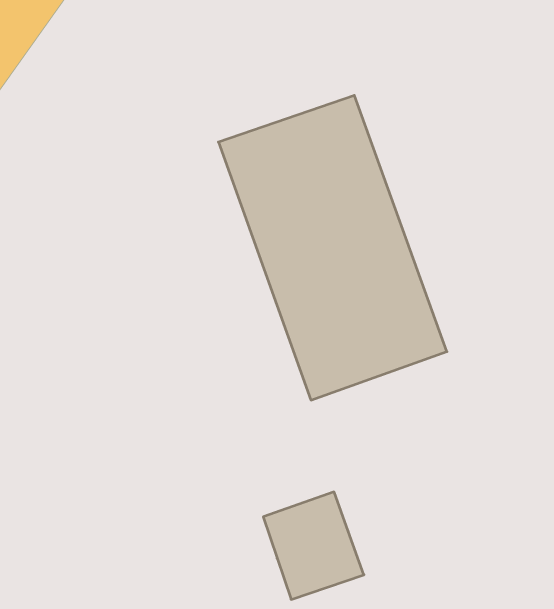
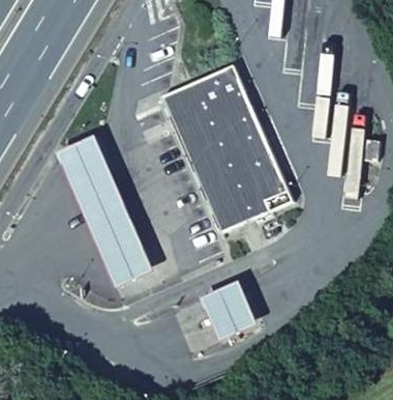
building: none -> [55,134,153,286]

